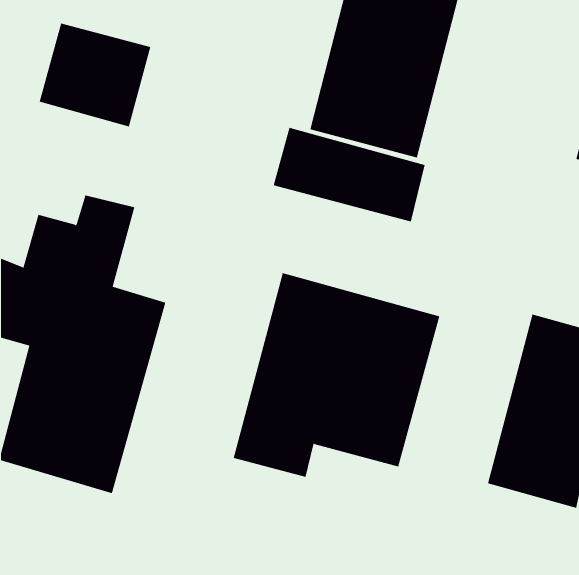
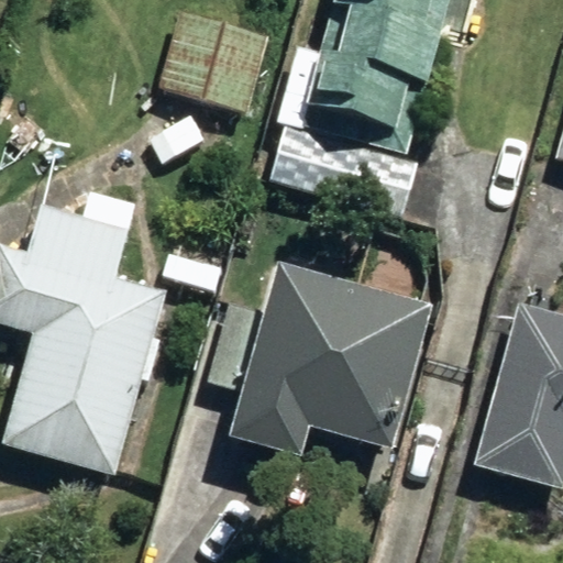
building: [39,23,151,127] -> [162,8,269,108]

